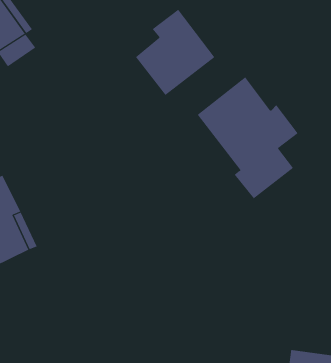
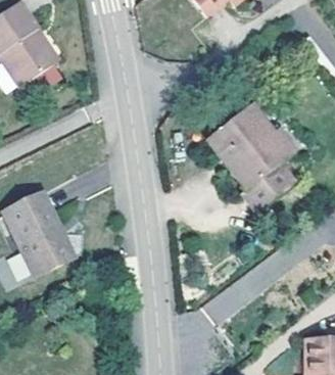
building: [135,9,215,96] -> none

